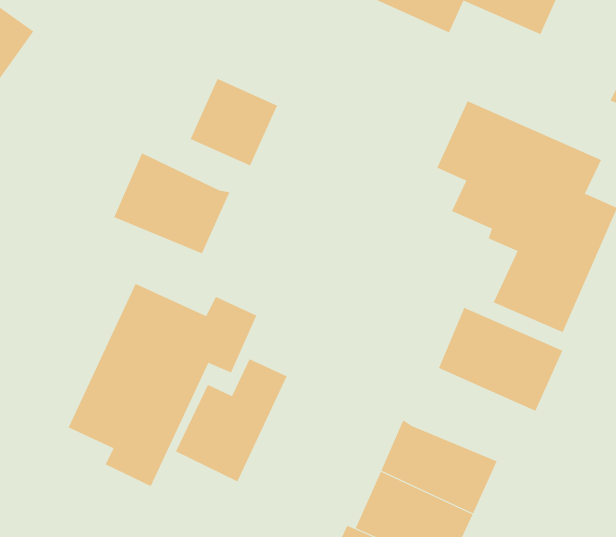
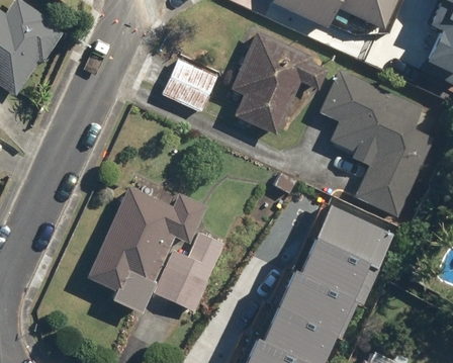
building: none -> [229,30,327,135]
building: [113,152,230,254] -> none
building: none -> [302,240,380,302]

